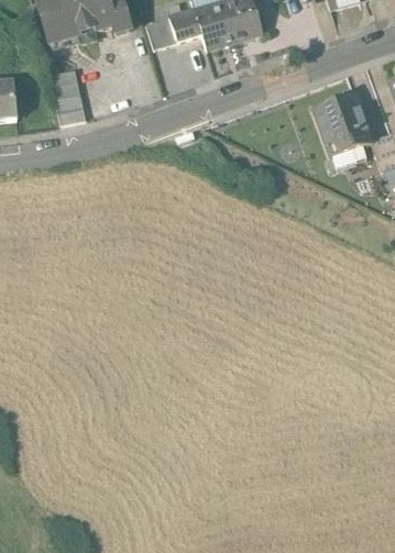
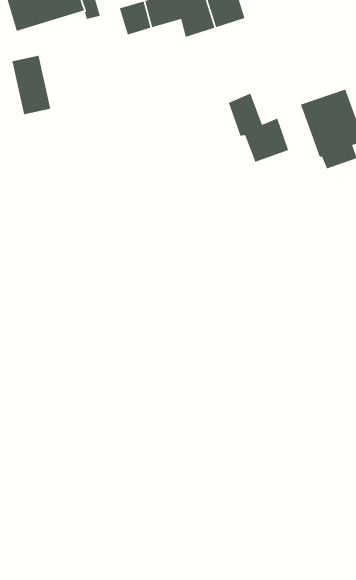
building: none -> [228,93,289,163]

